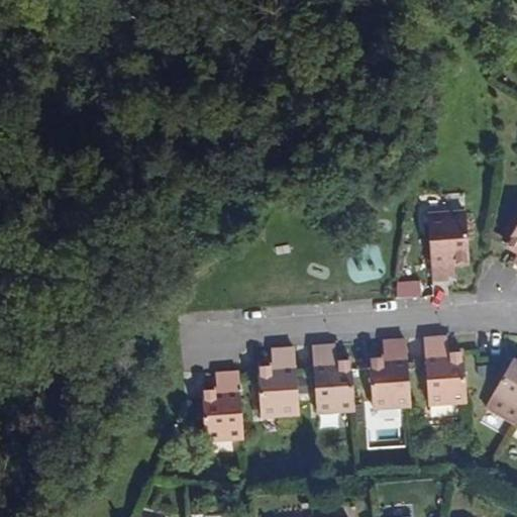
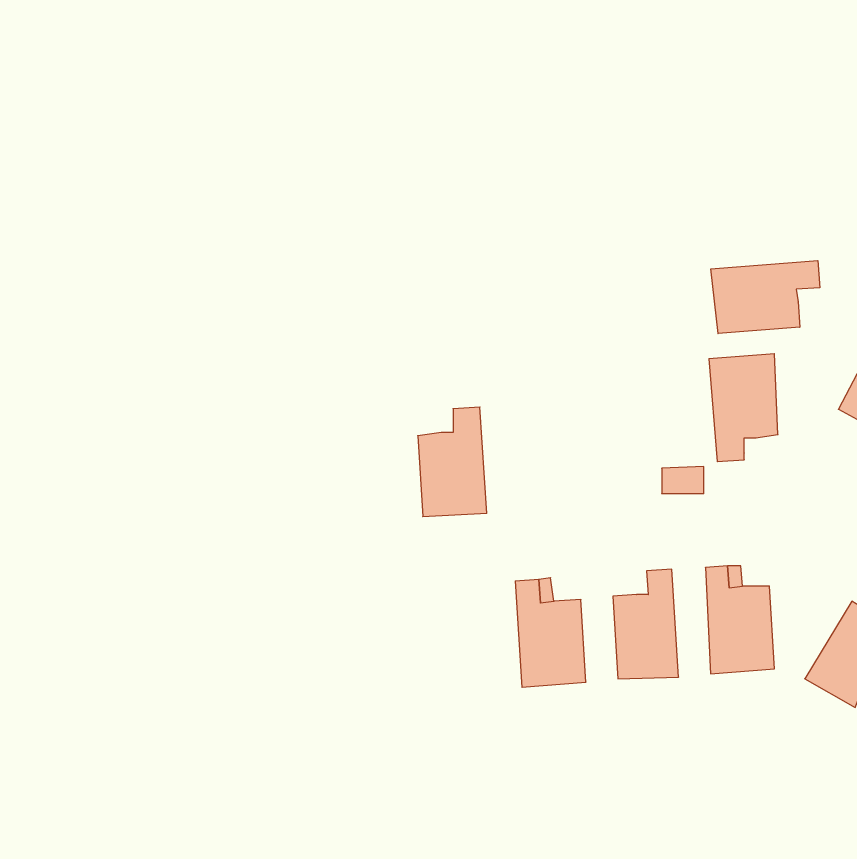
building: none -> [711,261,820,334]
building: [256,349,298,415] -> [418,407,487,517]
building: [202,374,241,440] -> none

